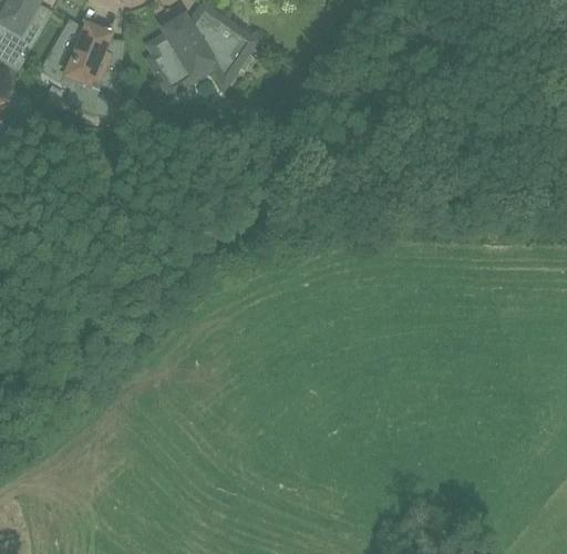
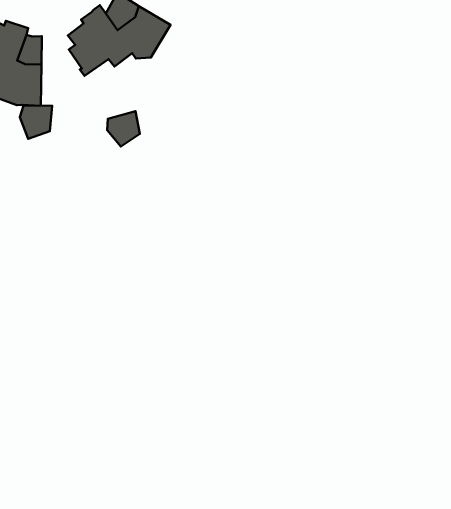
building: none -> [20,106,52,139]
building: none -> [107,111,140,146]

